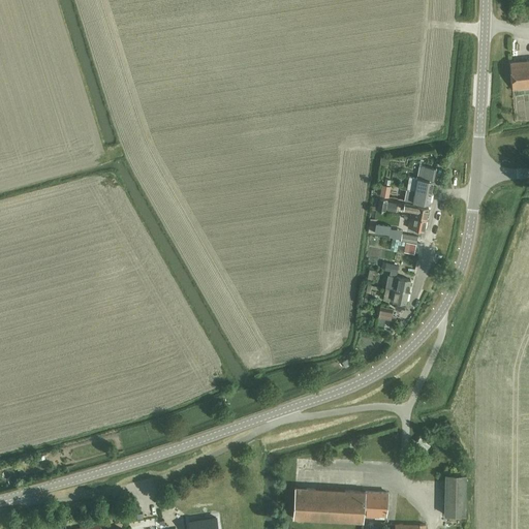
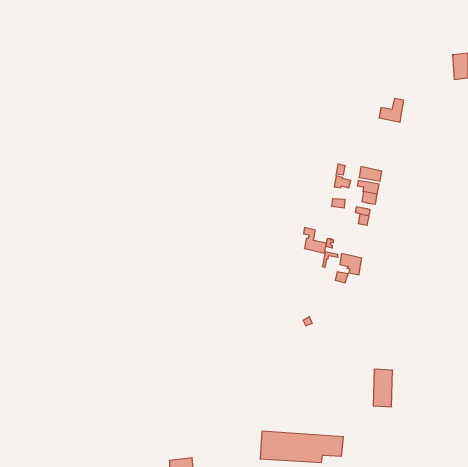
building: [407,167,435,194] -> [379,98,404,122]
building: [384,263,410,292] -> [304,228,326,253]
building: [444,474,466,517] -> [373,369,392,407]

